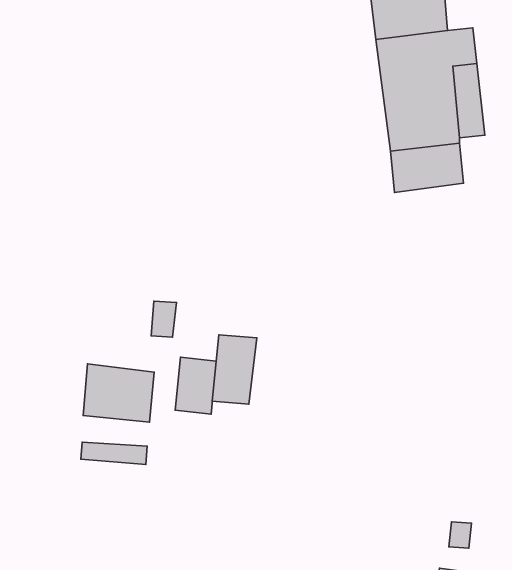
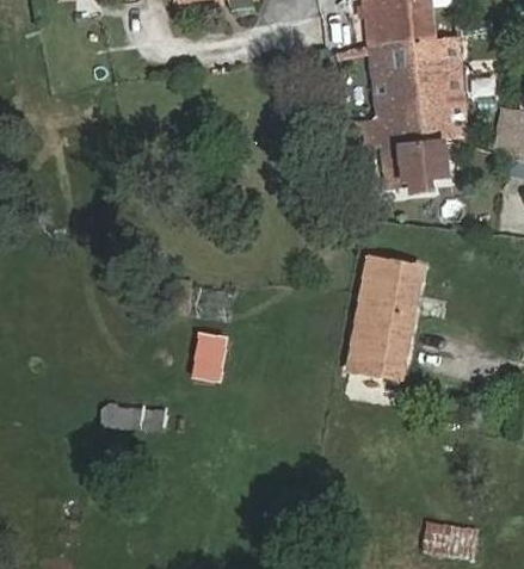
building: none -> [350,259,419,377]
building: [212,335,257,404] -> none
building: [83,364,154,422] -> none

